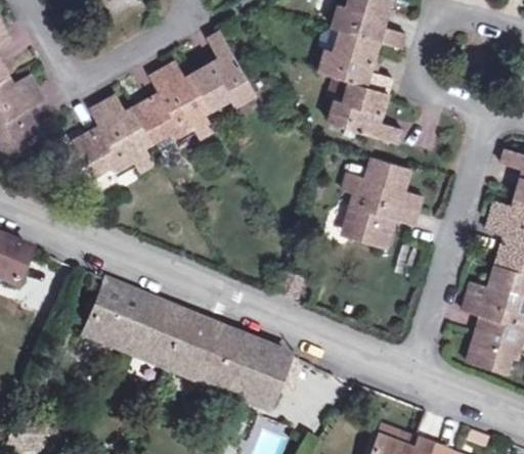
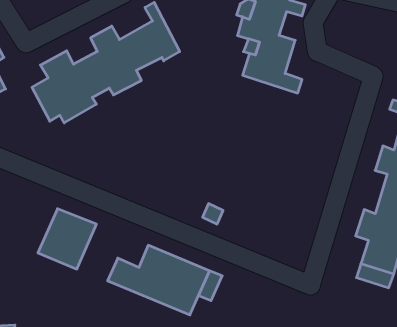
building: [341,163,423,239] -> none
building: [129,298,215,366] -> none

